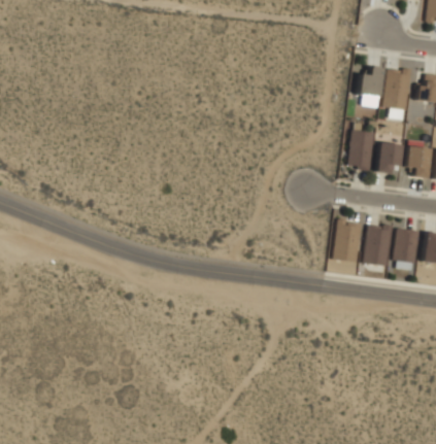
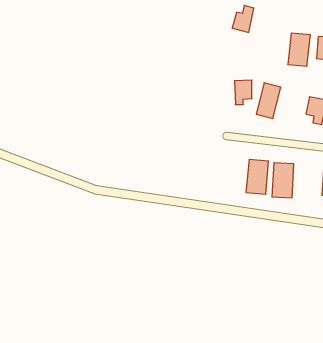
building: [357,65,382,97] -> [232,5,254,32]
building: [378,142,399,171] -> [234,80,252,105]
building: [394,226,421,266] -> none

